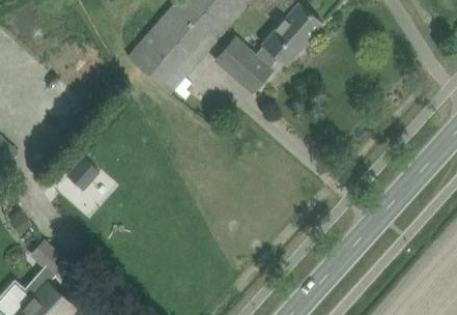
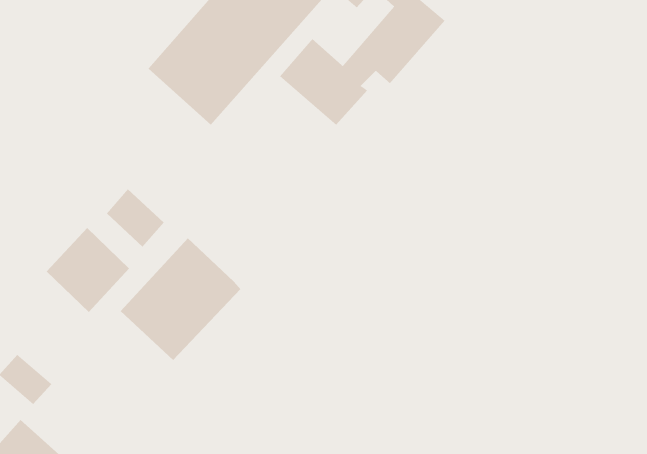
building: none -> [106,189,164,247]
building: none -> [120,238,241,361]

